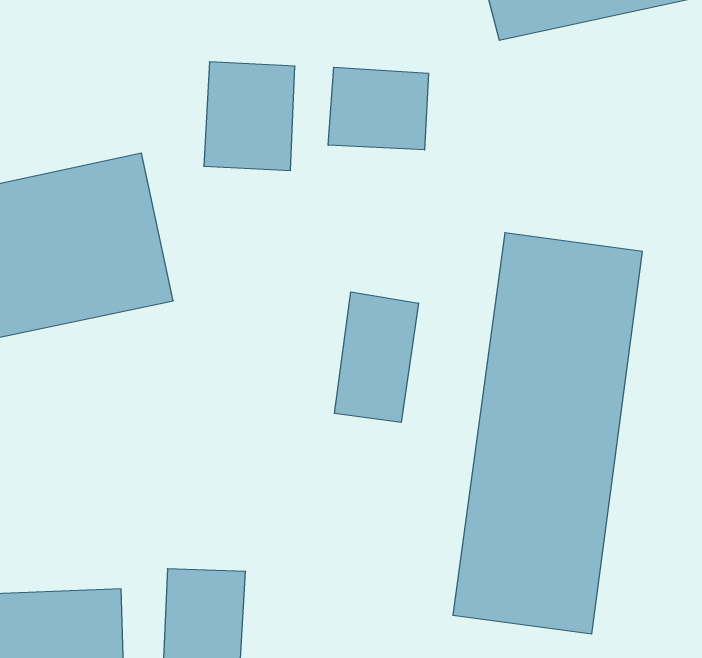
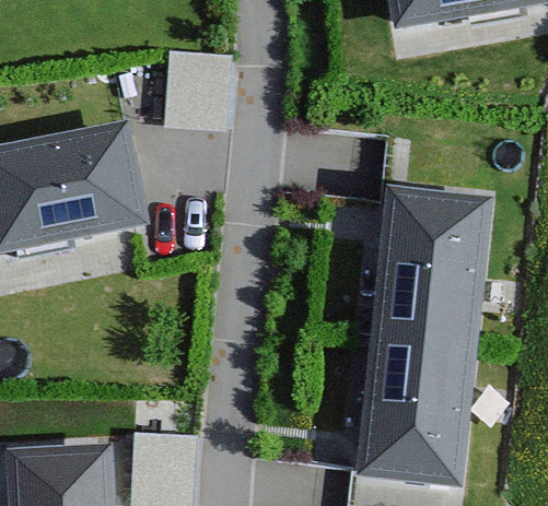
building: [328,67,428,150] -> none
building: [334,292,418,422] -> none

